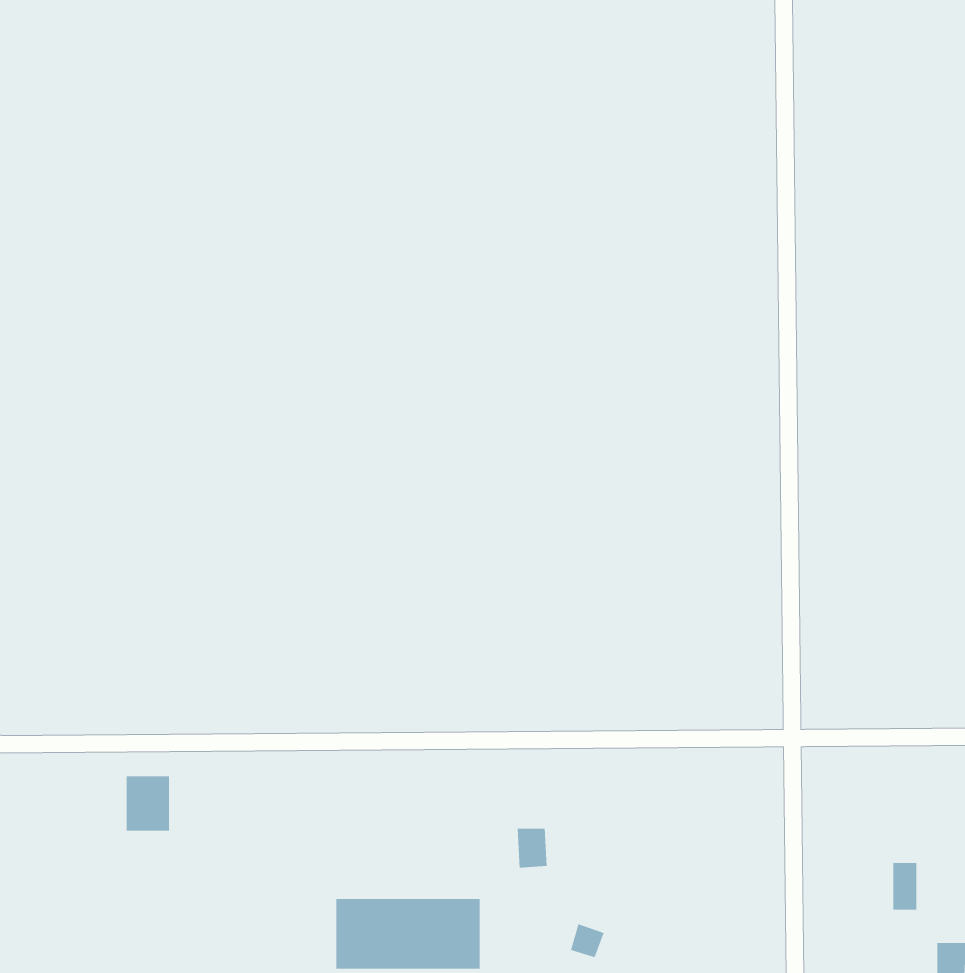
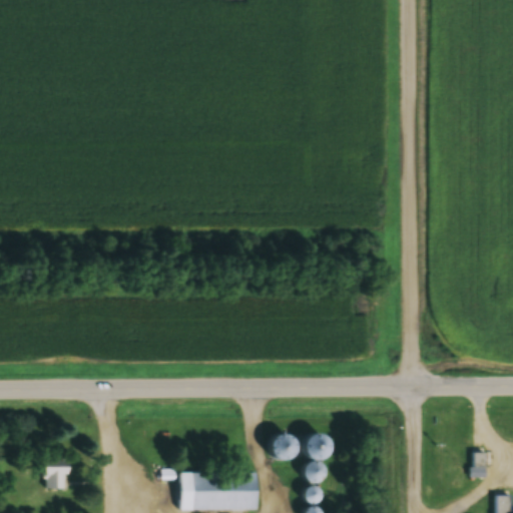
building: [126,776,170,831] -> [45,462,68,491]
building: none -> [304,433,332,485]

